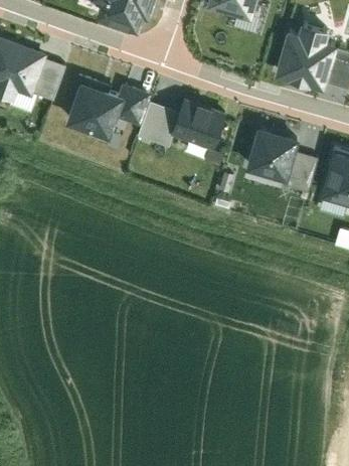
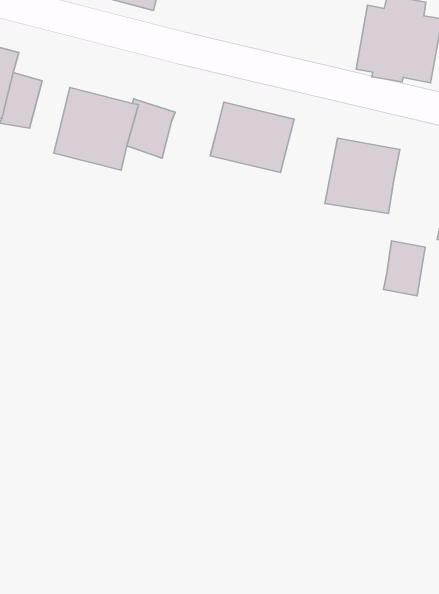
building: [139,104,178,148] -> none
building: [287,156,317,194] -> [384,241,425,296]

